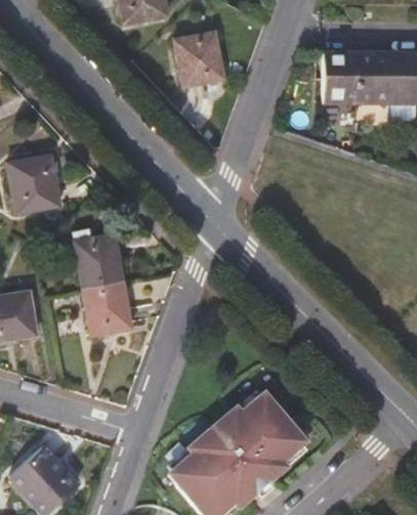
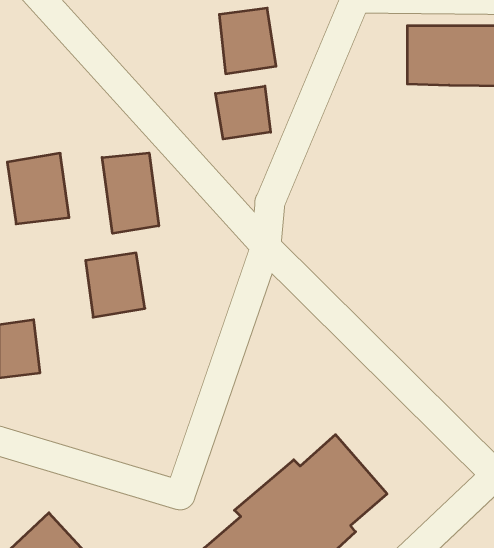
building: none -> [215,86,271,139]
building: none -> [102,153,159,233]
building: [77,282,126,335] -> none

